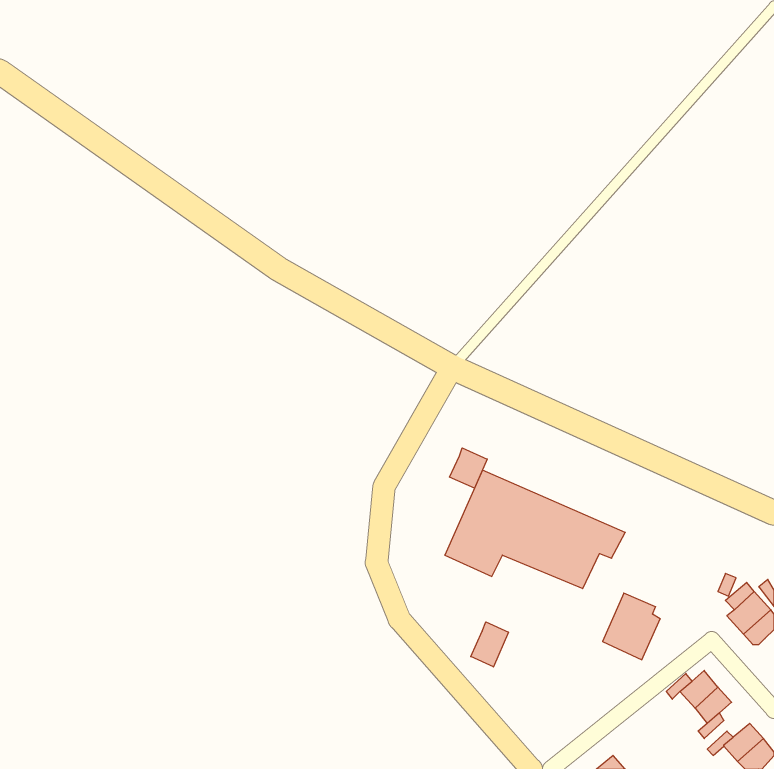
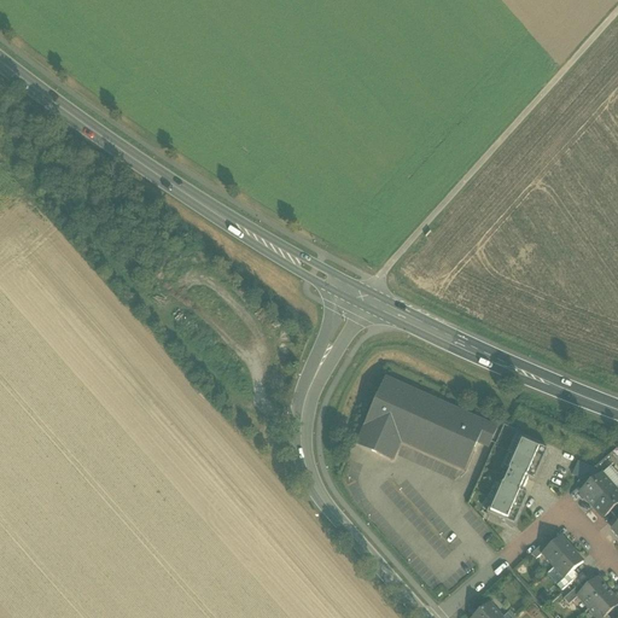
building: [450,448,487,488] -> none
building: none -> [496,433,546,483]
building: [471,622,508,667] -> none

